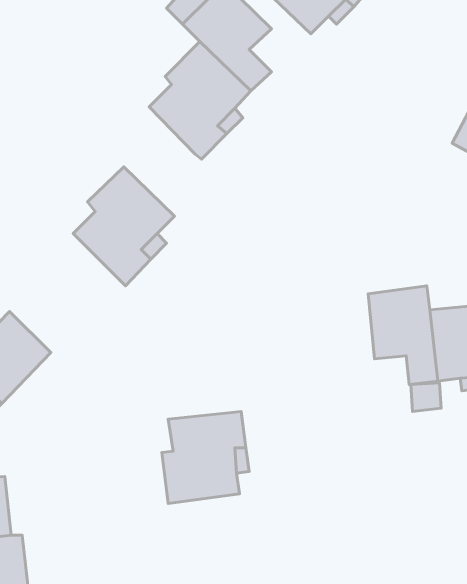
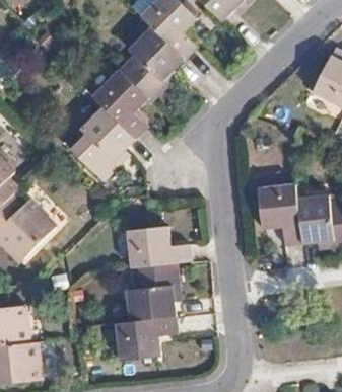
building: none -> [90,69,147,139]
building: none -> [126,226,191,268]
building: none -> [115,316,178,362]

